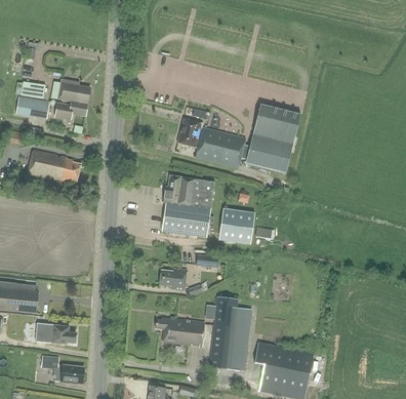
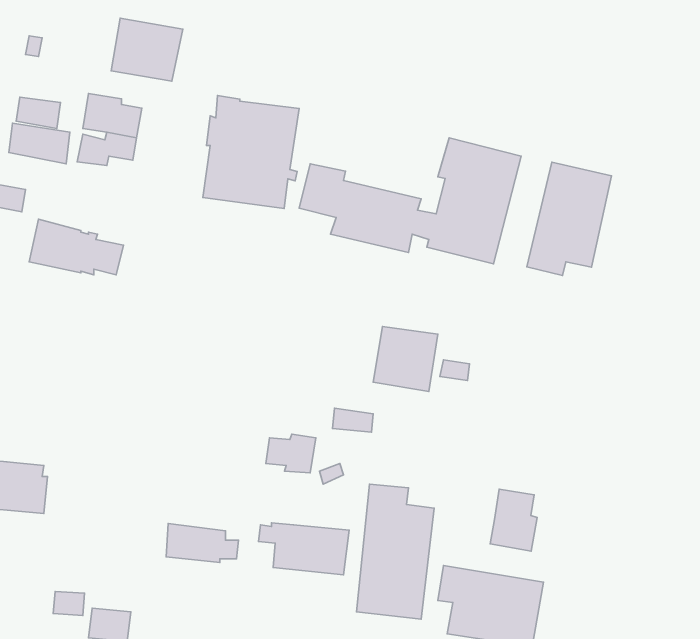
building: none -> [111,18,183,81]
building: none -> [527,162,612,275]
building: [161,174,214,237] -> [203,96,299,208]
building: none -> [490,489,537,551]
building: [36,322,76,344] -> [166,524,238,562]

